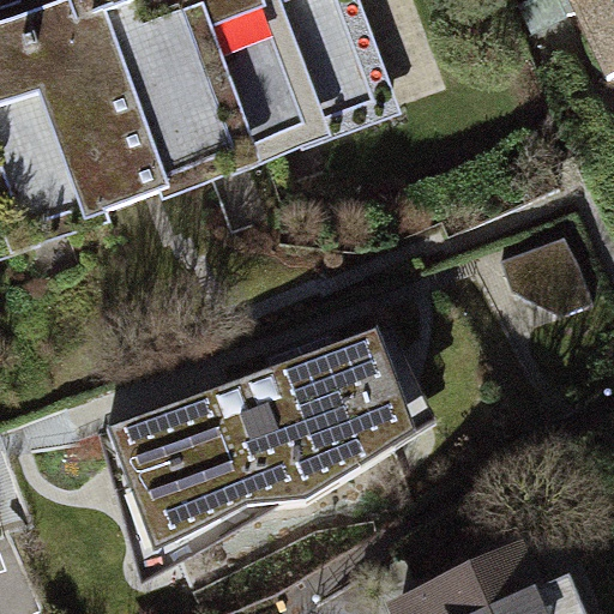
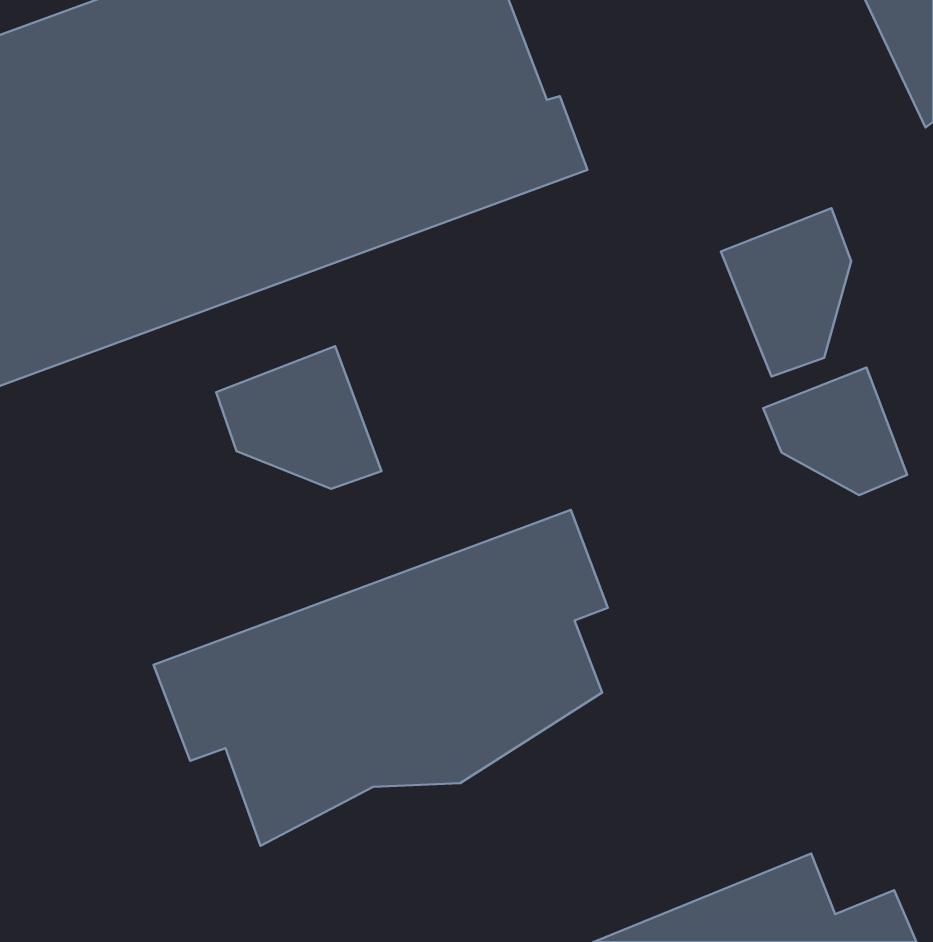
building: none -> [721,208,851,377]
building: none -> [216,346,382,489]

